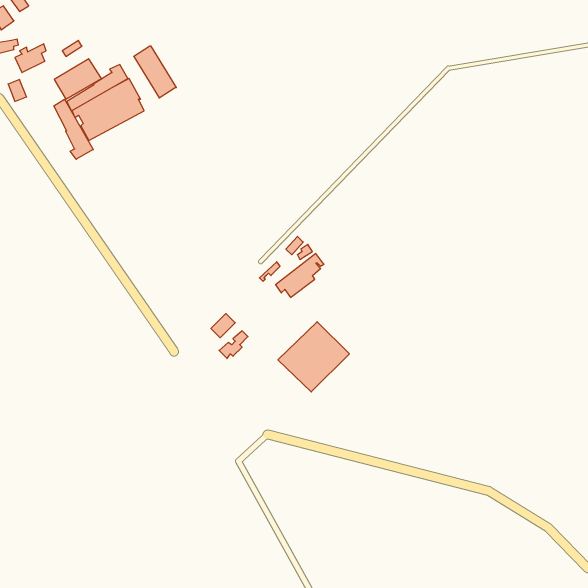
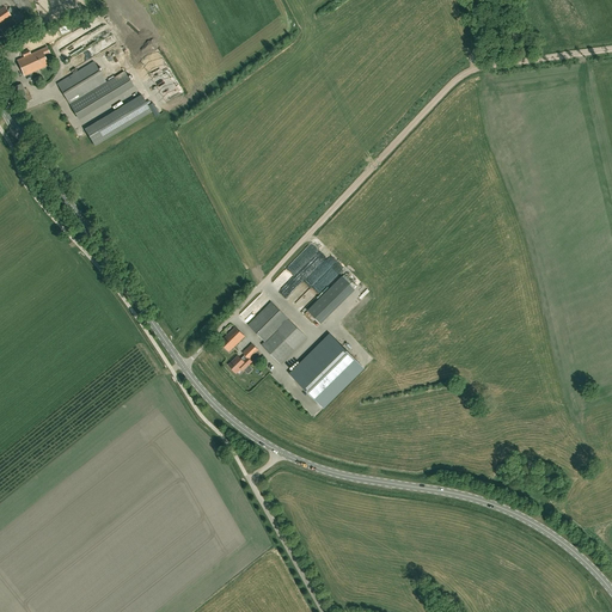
building: [54,99,93,159] -> none
building: none -> [306,276,354,323]
building: none -> [247,301,305,362]

